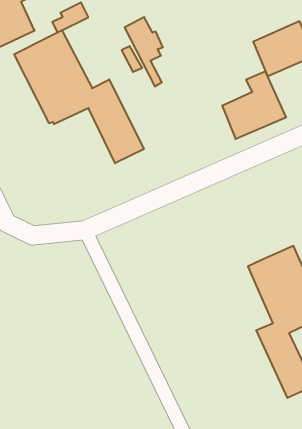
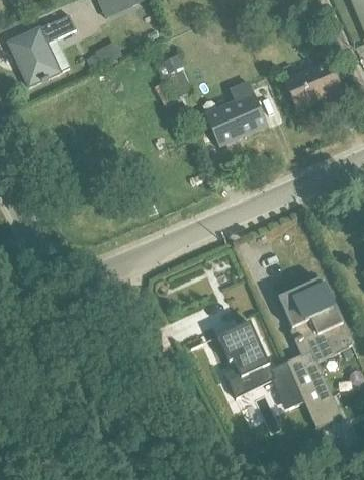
building: [14,30,144,163] -> none
building: [222,72,286,139] -> [204,80,267,146]
building: none -> [217,322,302,409]

